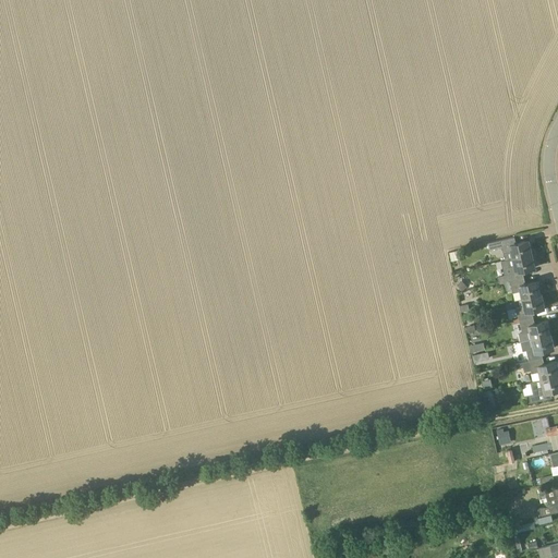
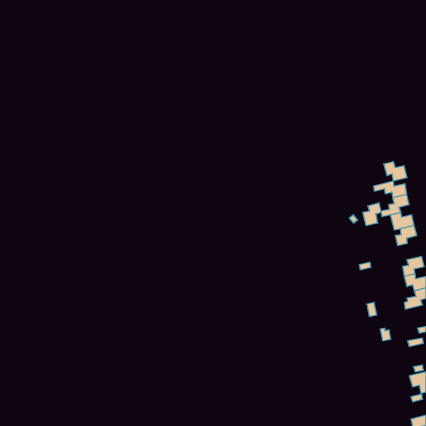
building: none -> [384,161,407,181]
building: none -> [363,203,381,226]
building: [520,318,551,340] -> none

